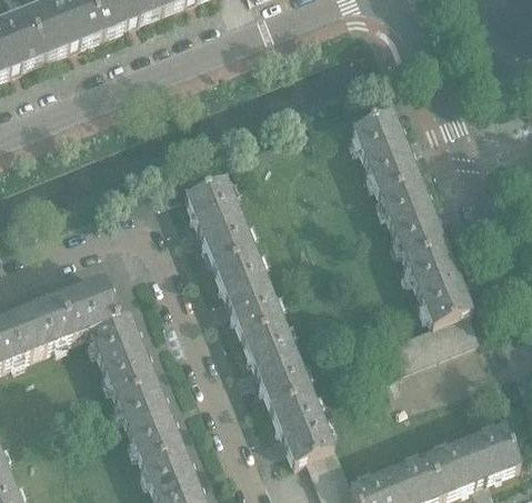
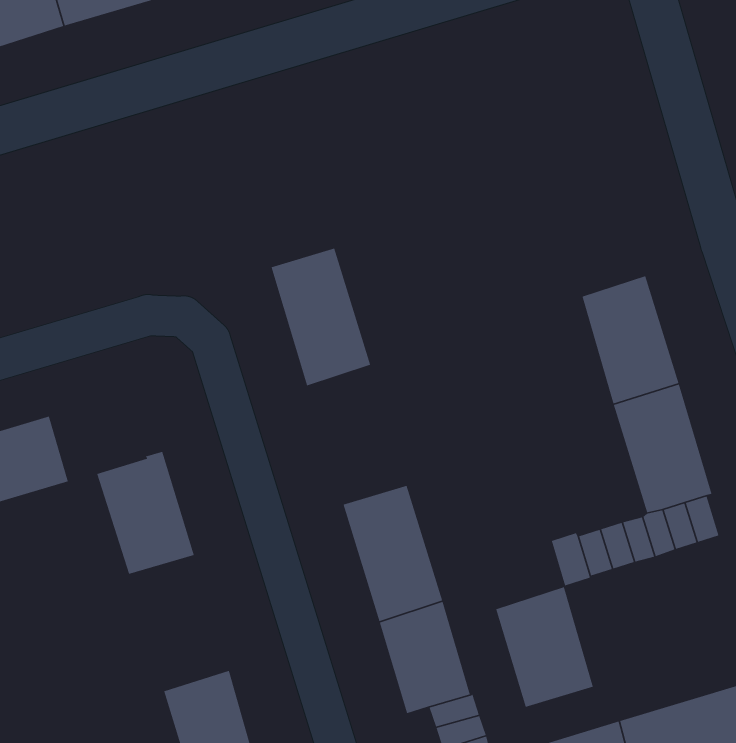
building: [351,108,418,192] -> none
building: [213,247,281,334] -> none
building: [56,276,118,335] -> none
building: none -> [495,586,594,708]
building: [113,374,181,460] -> none

